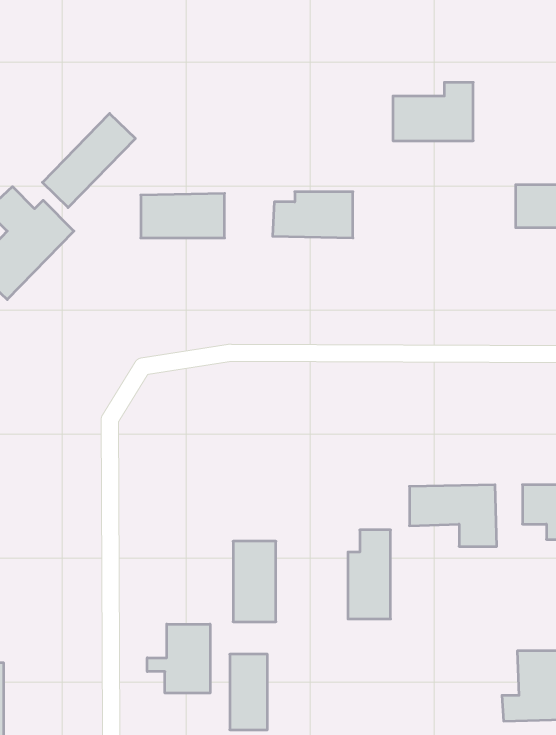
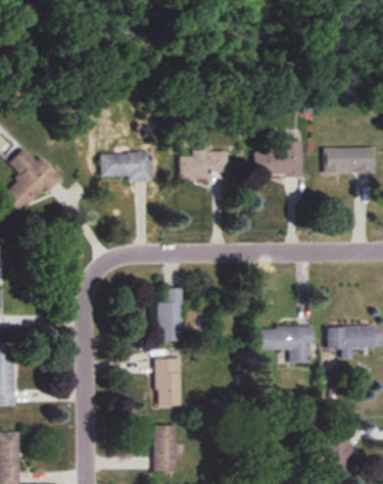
building: [393,82,473,141] -> [253,142,301,177]
building: [42,113,135,208] -> none
building: [348,530,391,619] -> [156,289,182,342]
building: [147,624,210,693] -> none

